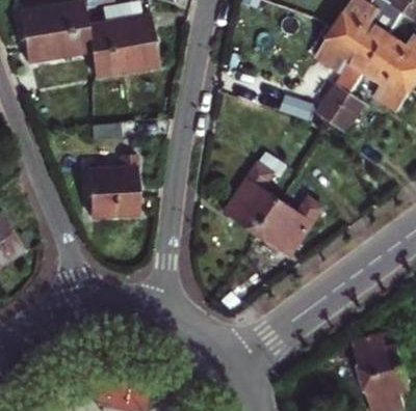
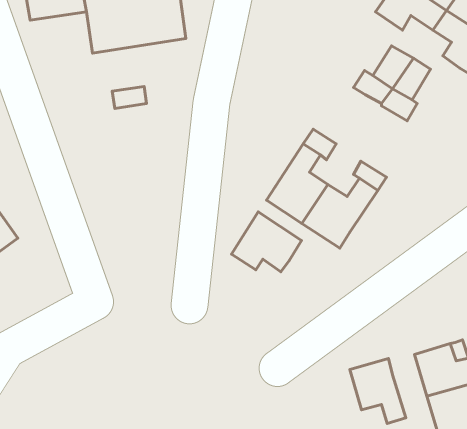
building: [87,153,137,212] -> none
building: none -> [232,212,302,272]
building: none -> [350,358,406,423]

